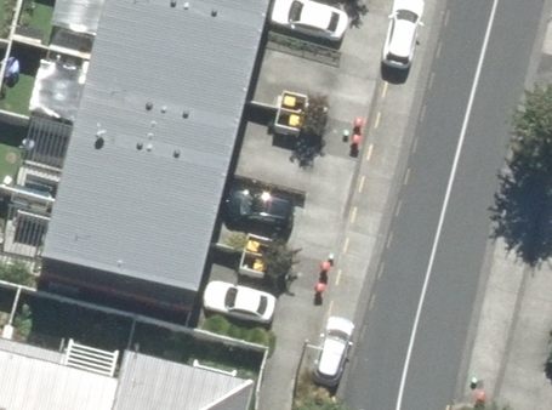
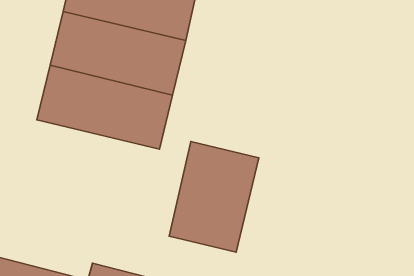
building: [40,177,215,285] -> none
building: none -> [169,142,259,252]

